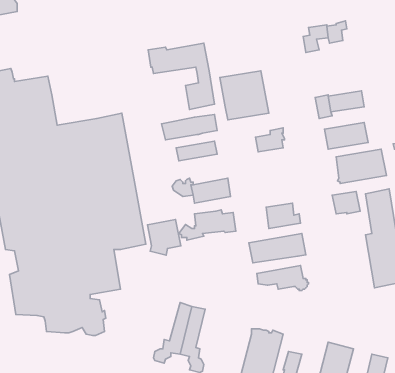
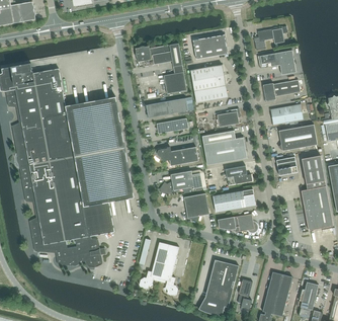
building: none -> [199,32,228,58]
building: none -> [258,50,297,74]
building: none -> [202,130,247,164]
building: [148,220,181,255] -> [184,192,209,220]

